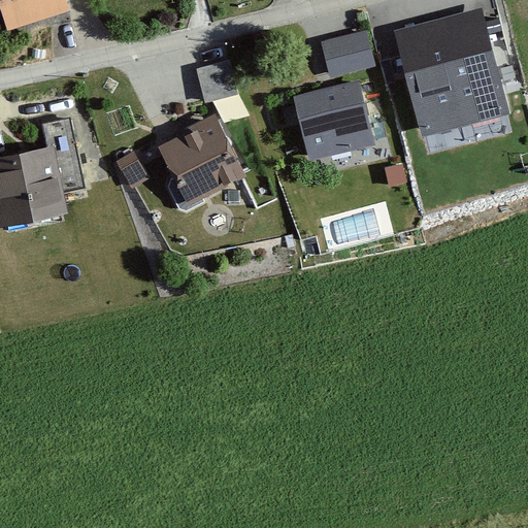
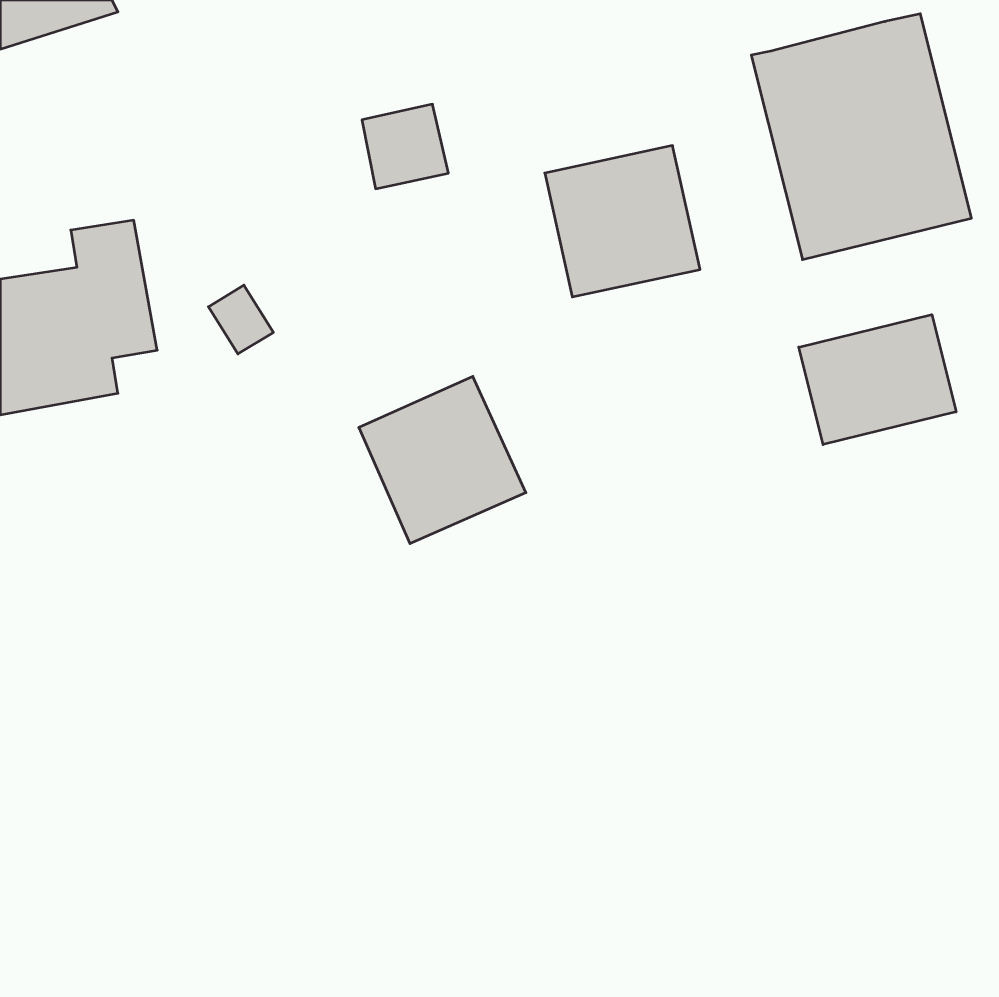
building: [317,31,368,79] -> none
building: [152,119,239,206] -> [359,376,526,544]
building: none -> [799,315,956,445]

